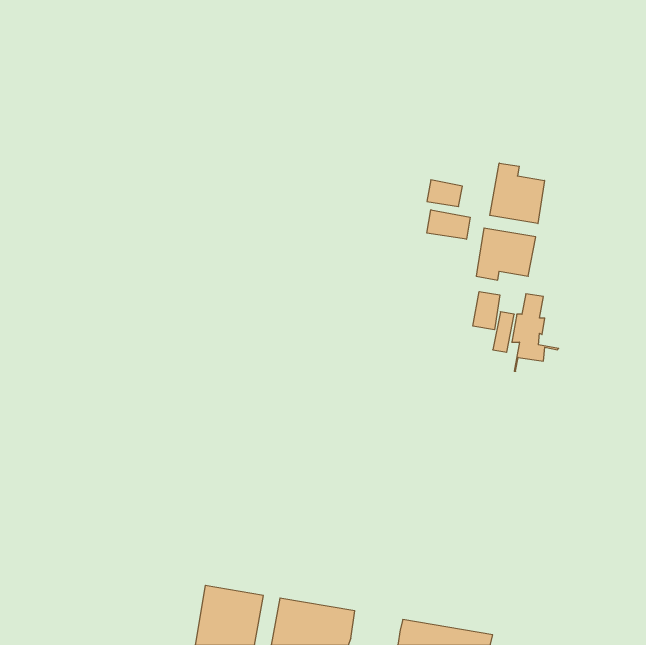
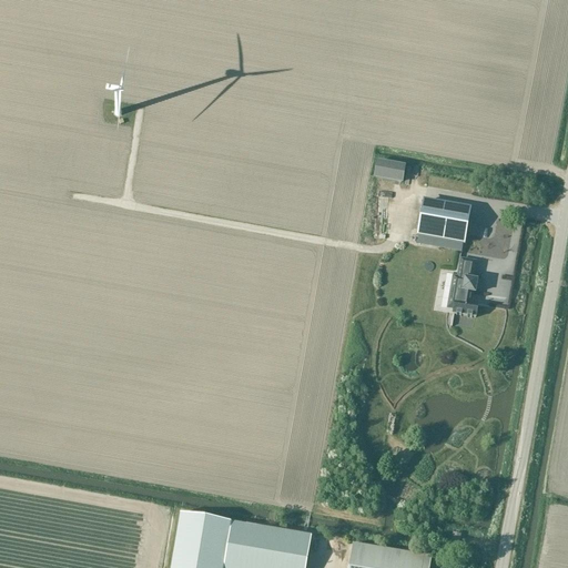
building: [490,163,544,224] -> none
building: [427,210,470,239] -> none
building: [473,292,500,330] -> none

